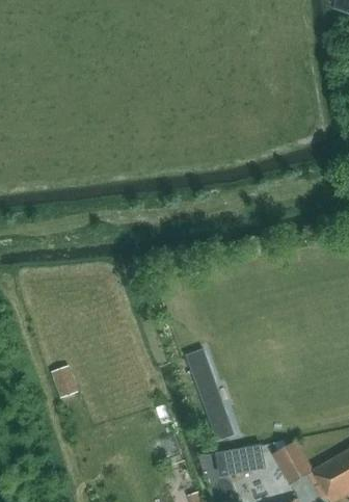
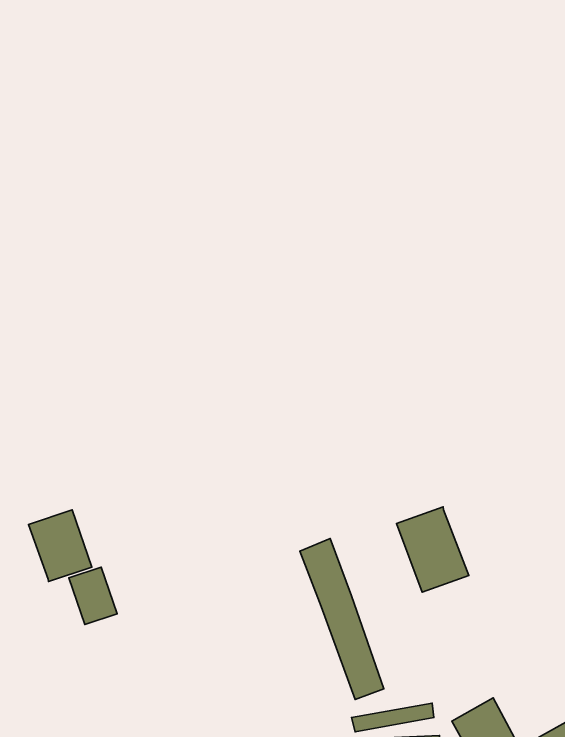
building: none -> [396,507,469,592]
building: none -> [29,510,92,582]

